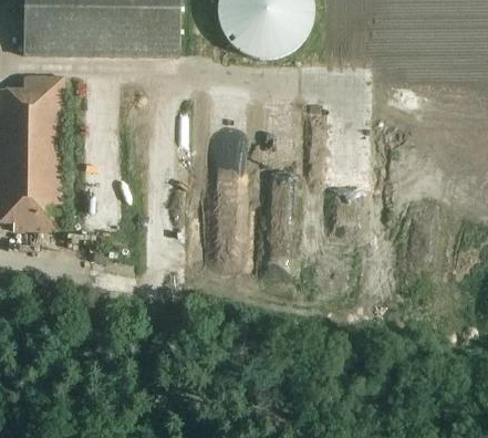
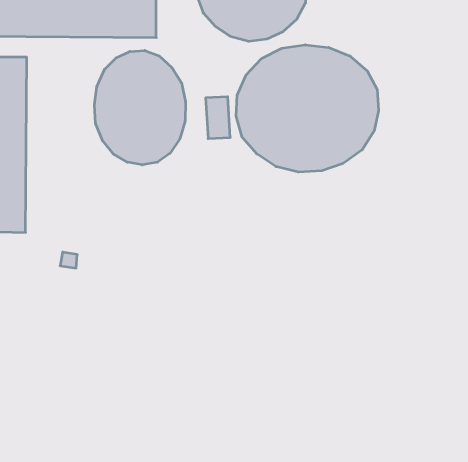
building: none -> [236,45,379,172]
building: none -> [94,50,185,165]

